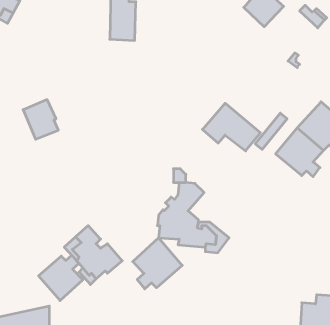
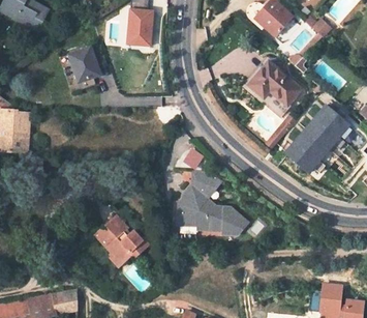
building: [23,100,58,139] -> [68,51,100,87]
building: [202,103,260,151] -> [247,60,300,104]
building: [133,238,182,289] -> none
building: [39,255,83,301] -> none

